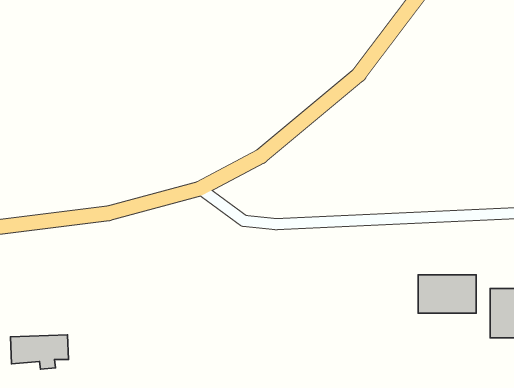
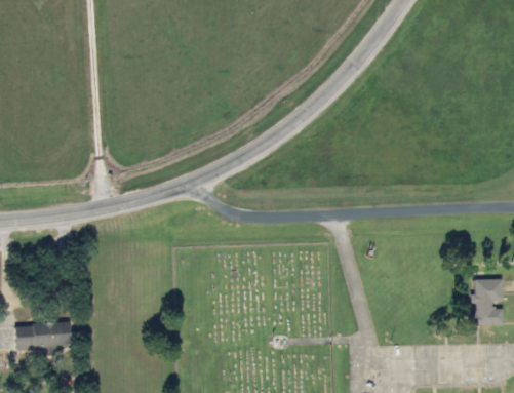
building: [418,275,476,313] -> none

